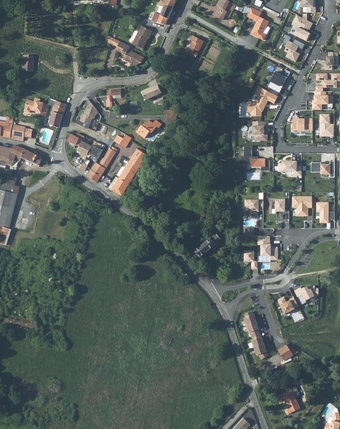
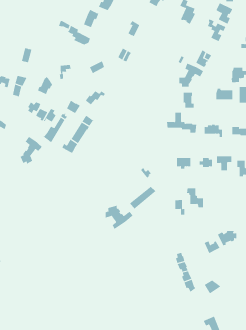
building: none -> [20,136,42,164]
building: none -> [105,205,133,230]

